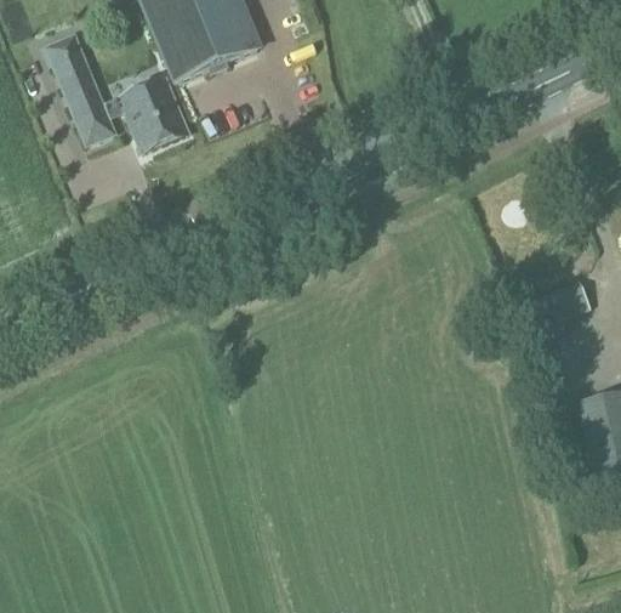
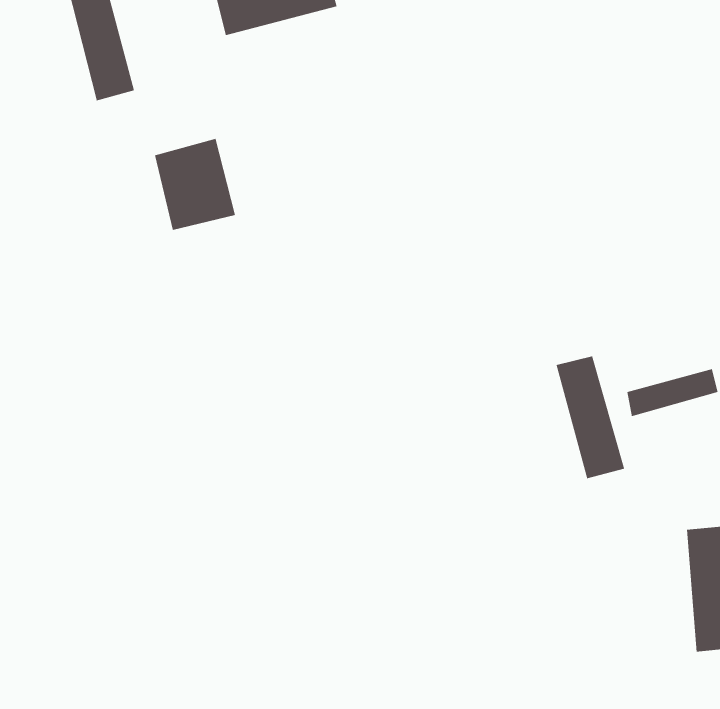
building: [120,76,188,151] -> [154,138,236,230]
building: none -> [556,356,625,479]

